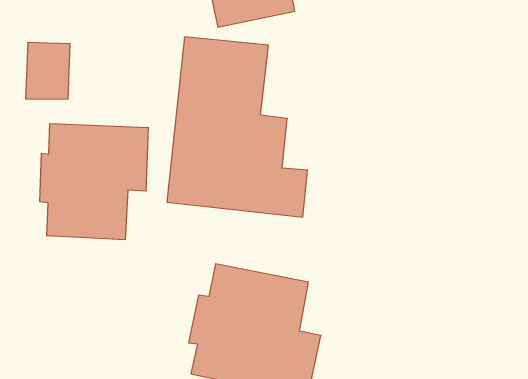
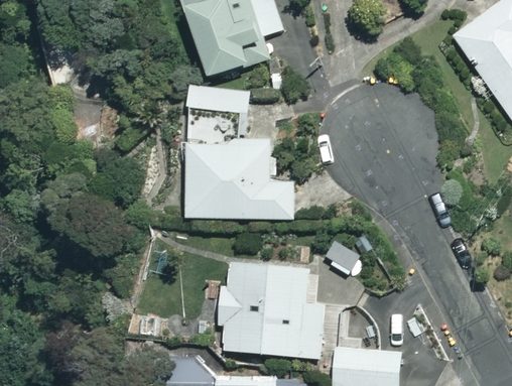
building: [40,124,148,240] -> none

